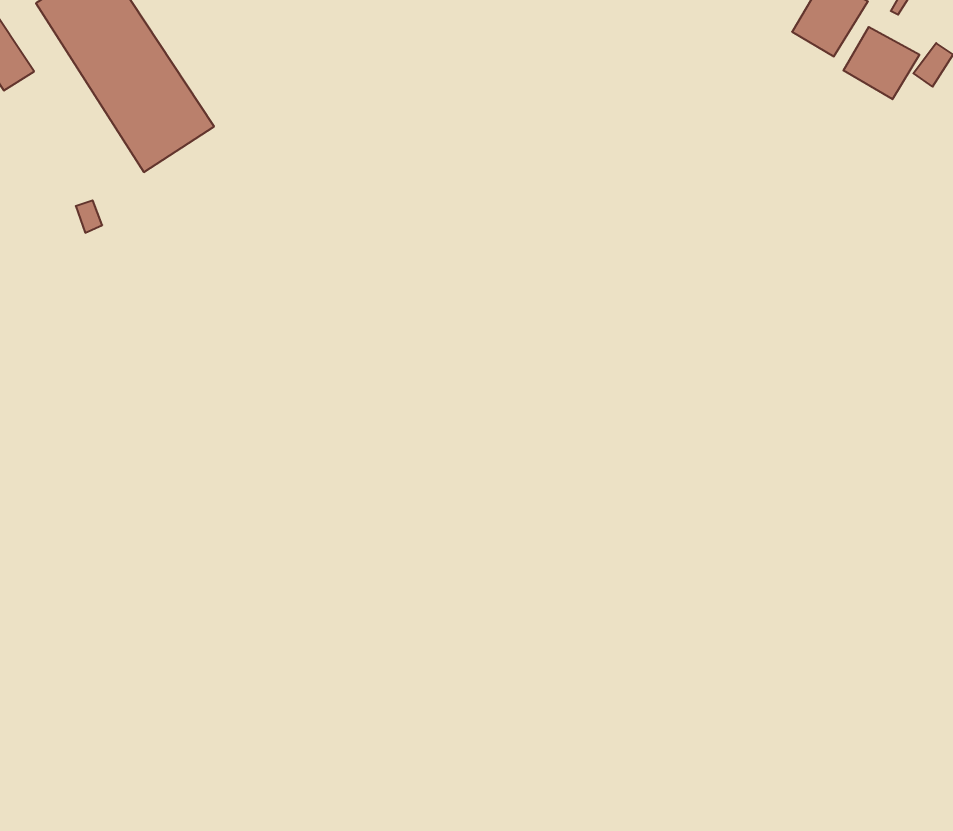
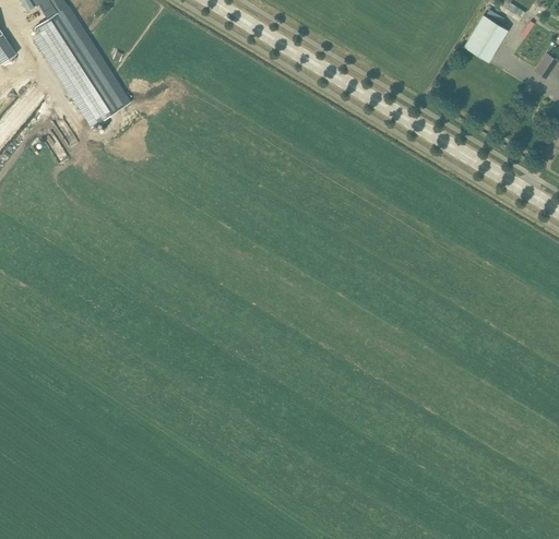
building: [843,27,919,99] -> none

